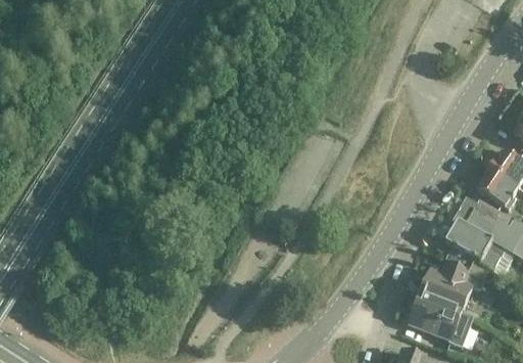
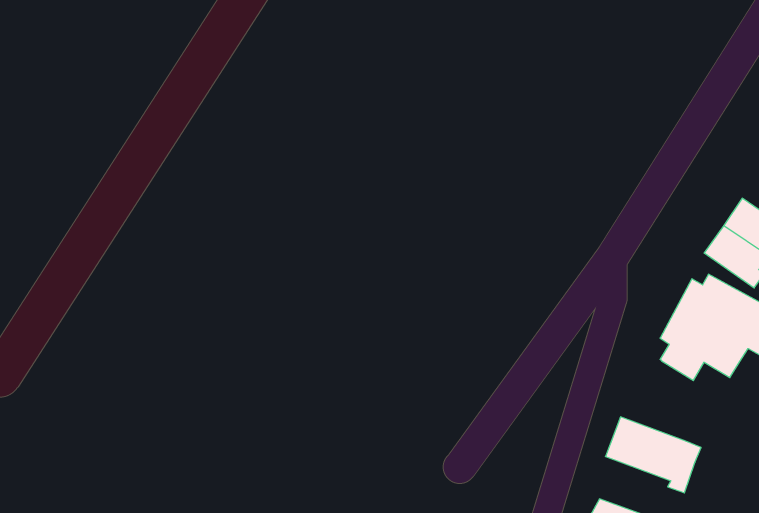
building: [418,257,483,311] -> none

